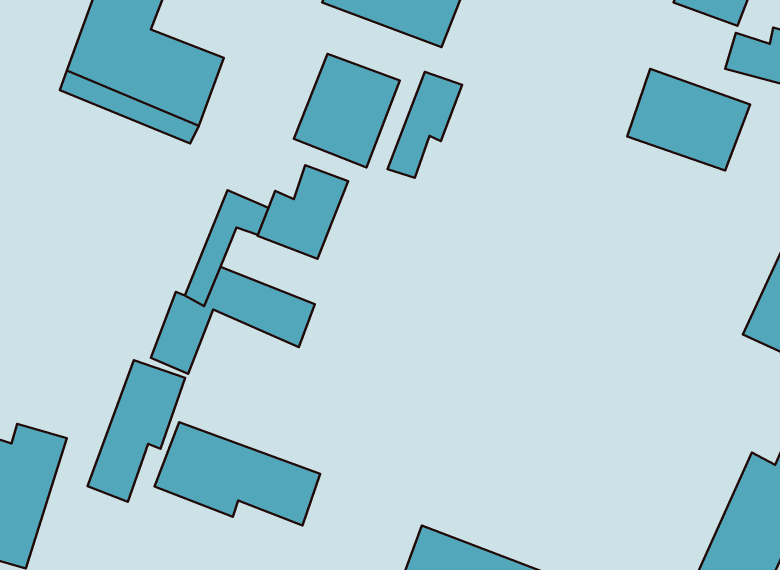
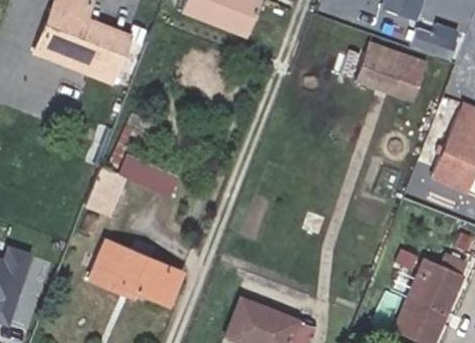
building: [294,54,400,168] -> none
building: [388,72,462,178] -> none
building: [257,165,348,259] -> none
building: [88,360,185,502] -> none

